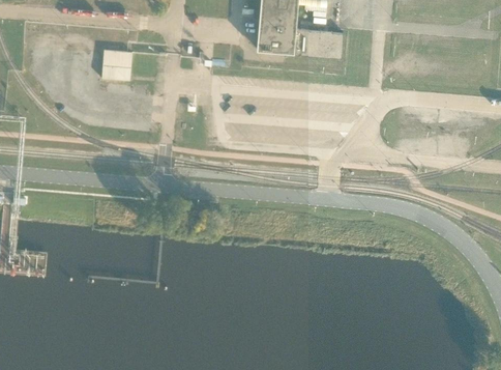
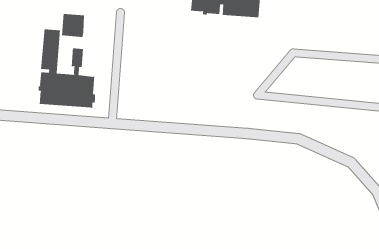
building: none -> [38,28,96,109]

